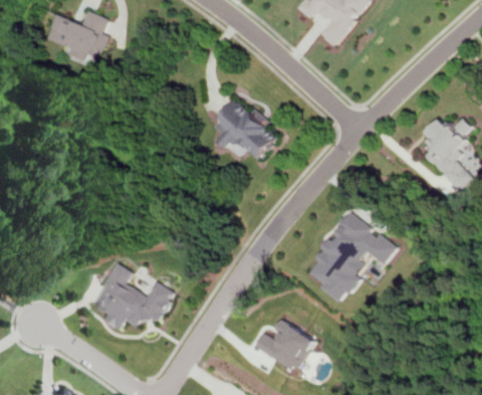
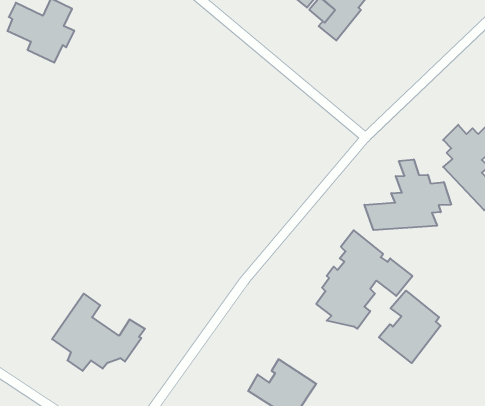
building: [216,97,278,160] -> none
building: none -> [364,159,451,230]
building: none -> [379,291,441,363]

